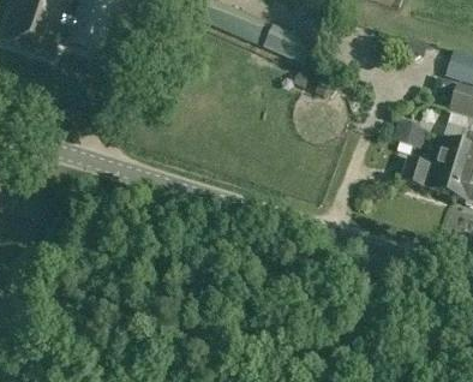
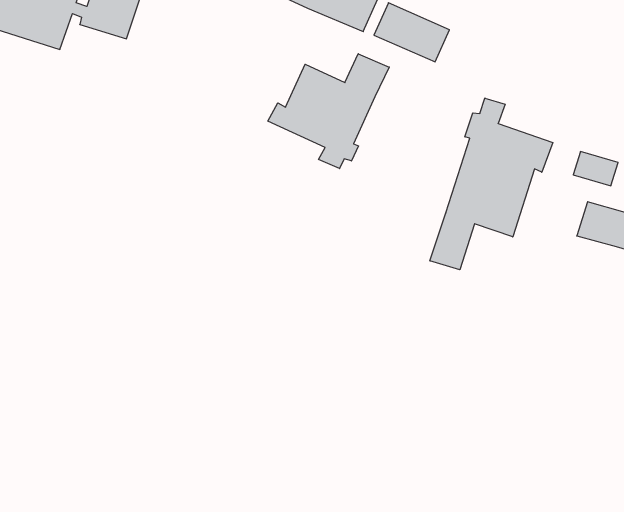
building: none -> [268,54,389,169]
building: none -> [430,98,553,270]

